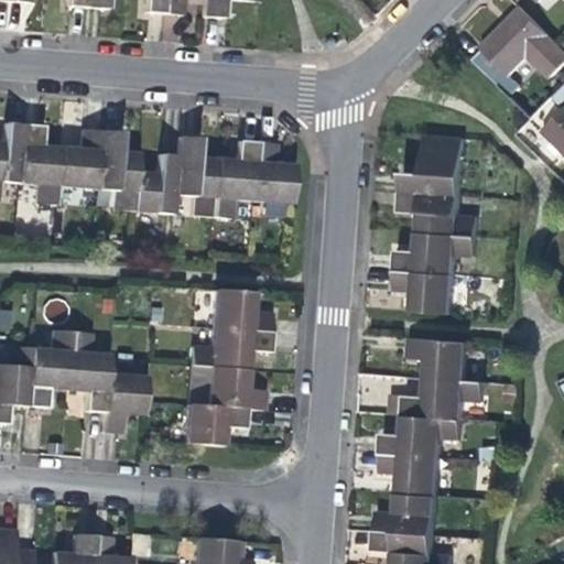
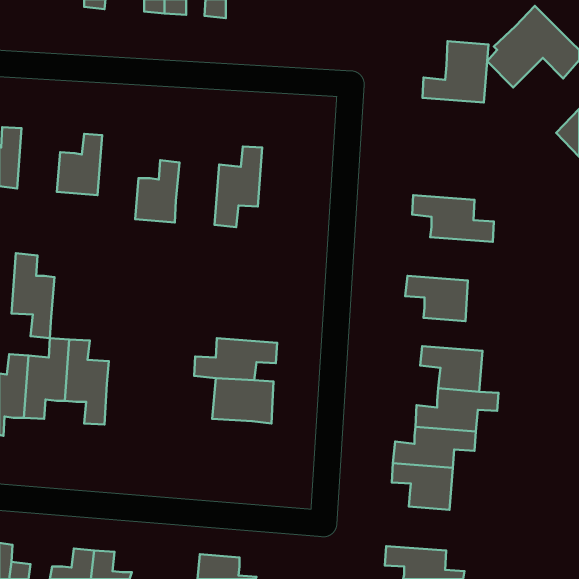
building: [17,124,58,207] -> [11,253,54,338]
building: [95,131,135,213] -> none
building: [401,134,465,194] -> [423,41,488,103]
building: [171,137,213,218] -> none
building: [250,143,291,204] -> none
building: [395,230,478,272] -> none
building: [210,289,270,333] -> none
building: [100,372,143,433] -> none
building: [182,404,245,446] -> none
building: [375,491,436,534] -> none

